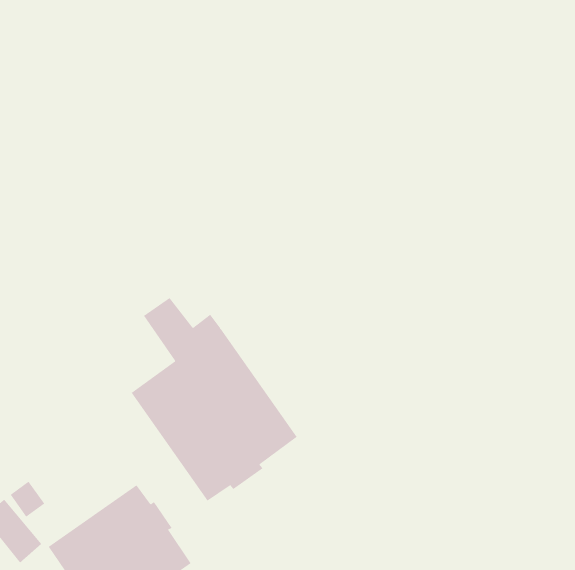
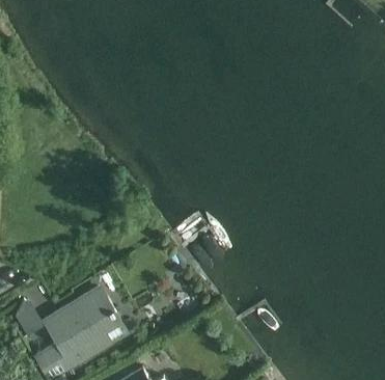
building: [131,297,297,501] -> none

